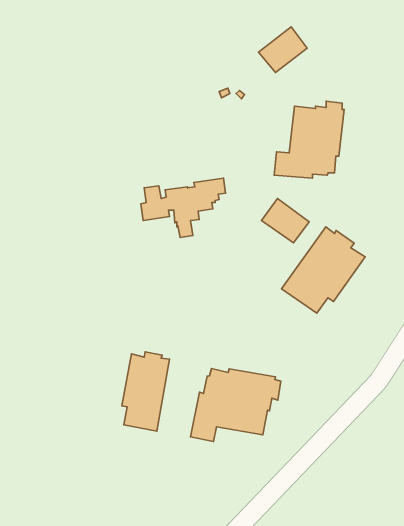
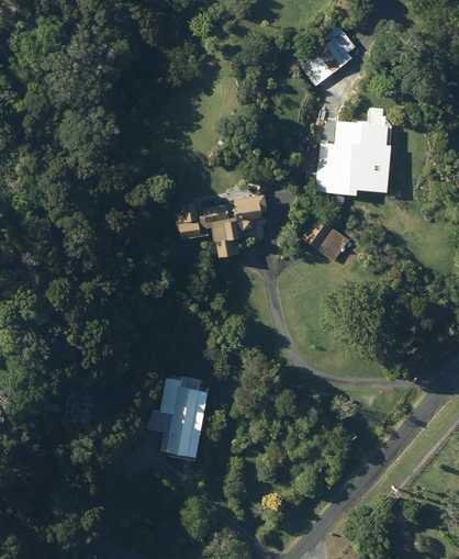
building: [282,227,365,313] -> none
building: [190,368,281,442] -> none

